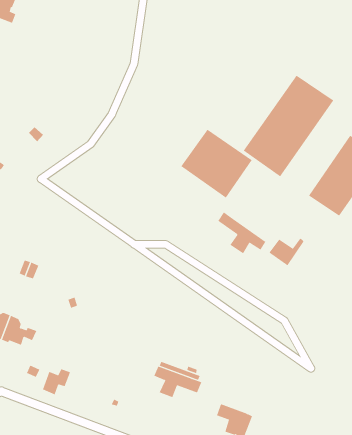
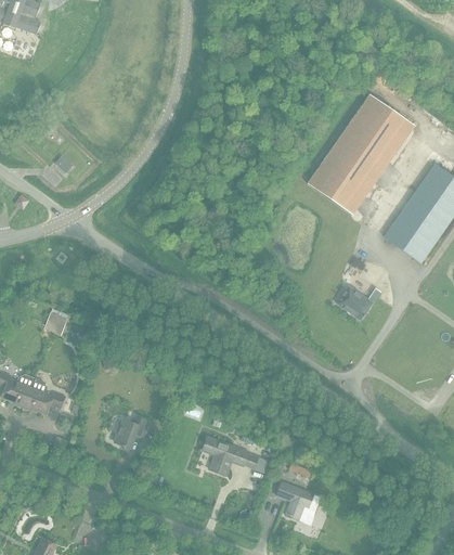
building: [181,129,253,198] -> none
building: [218,211,266,254] -> none
building: [42,368,71,395] -> [114,416,147,448]

